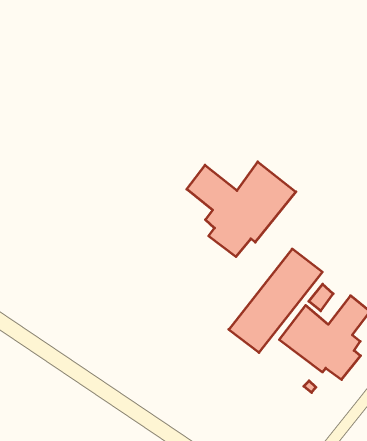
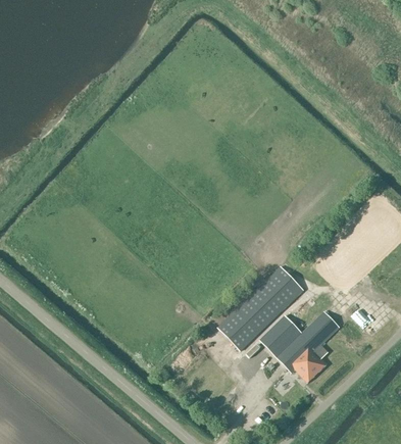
building: [187,162,296,257] -> none

